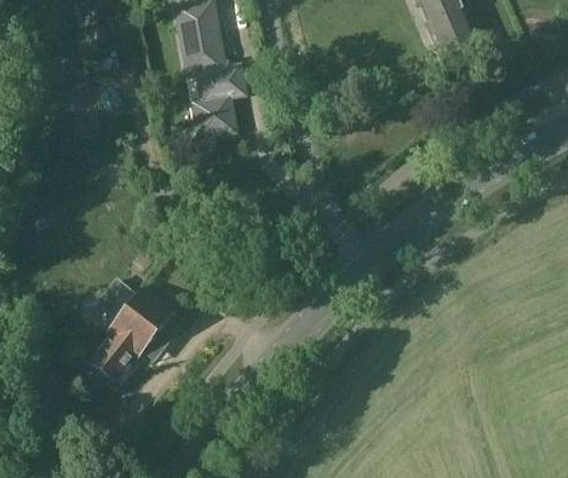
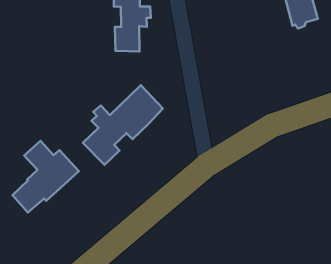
building: none -> [83,85,163,165]

